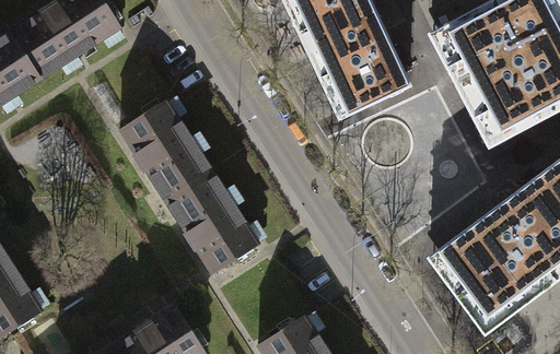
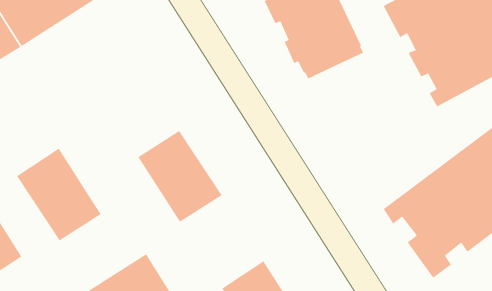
building: [116,99,209,201] -> [16,148,101,241]

